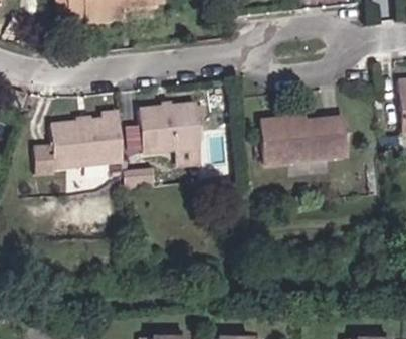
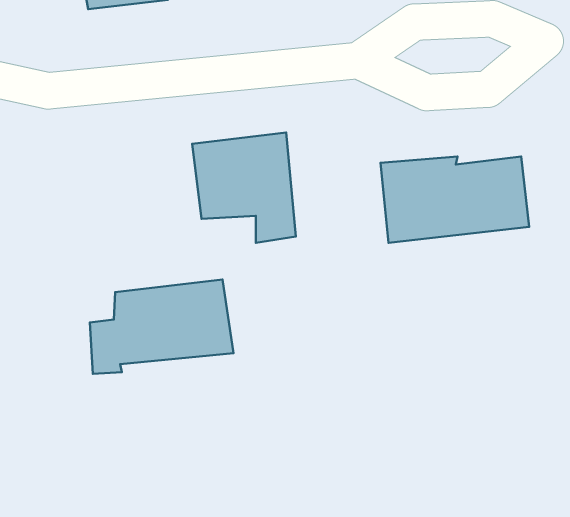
building: [37,111,128,170] -> [90,279,234,374]

